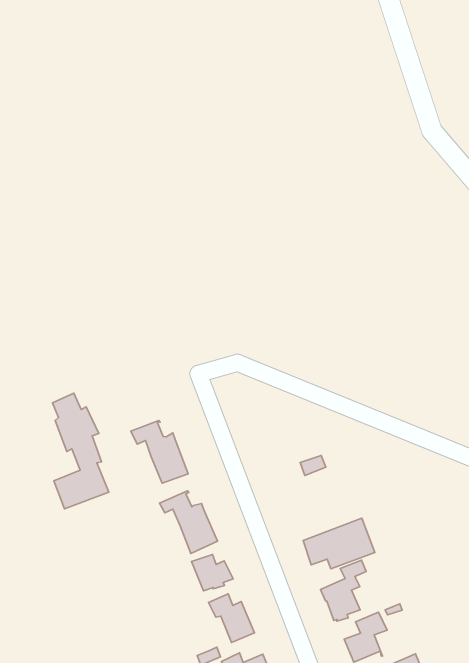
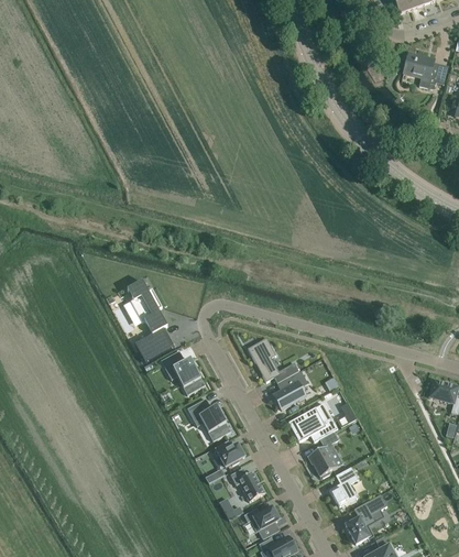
building: [53,393,109,509] -> [128,280,175,362]
building: none -> [248,341,281,381]
building: none -> [273,371,308,409]

